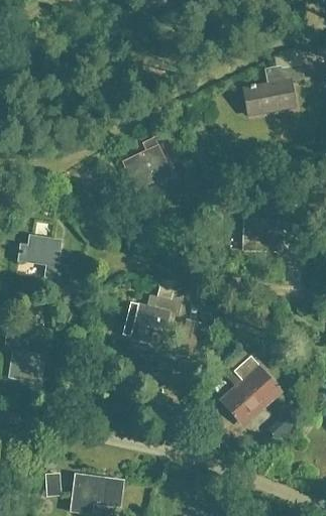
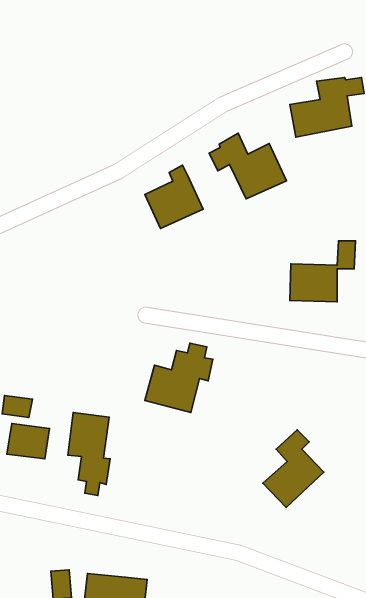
building: none -> [209,133,286,199]
building: [19,236,67,279] -> none
building: none -> [68,413,110,496]

